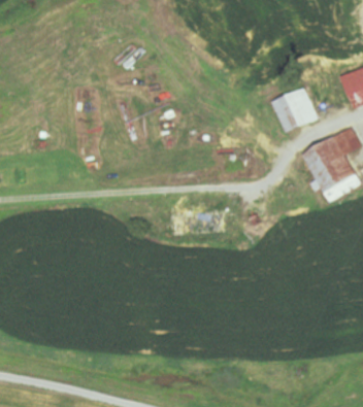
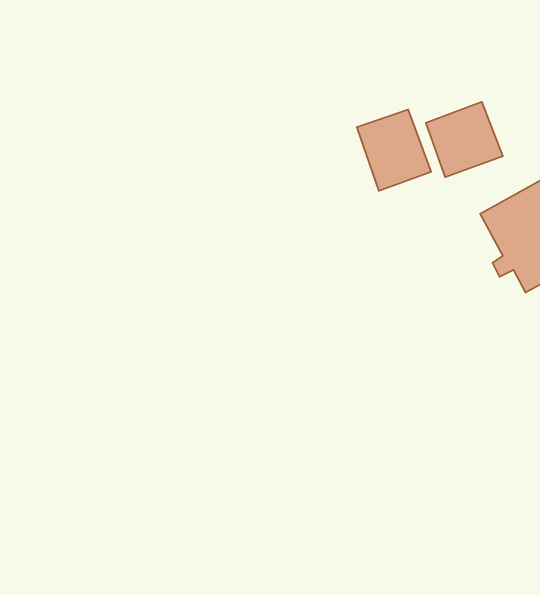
building: none -> [357,109,431,191]

